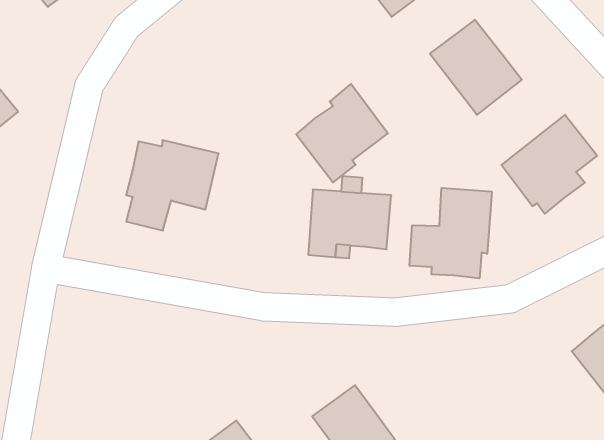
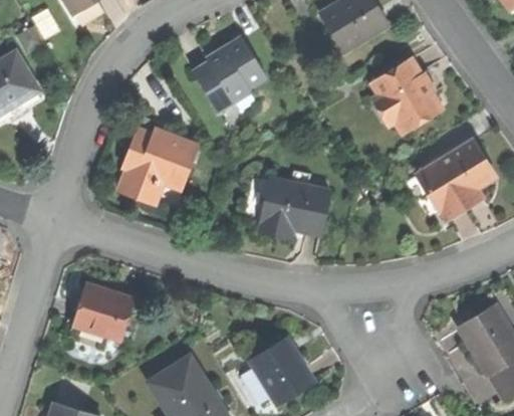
building: [296,84,388,183] -> [192,36,264,113]
building: [410,188,492,278] -> none
building: none -> [72,283,133,340]

